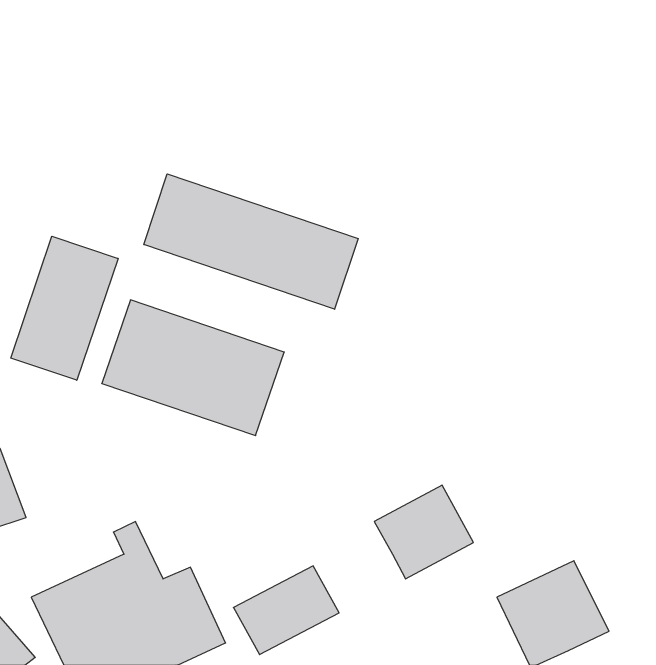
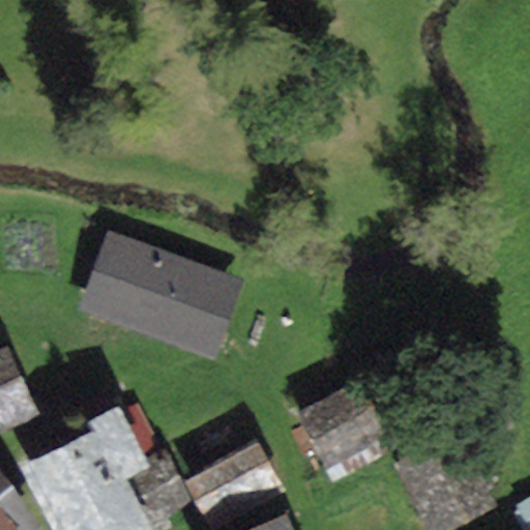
building: [144,174,358,309] -> none
building: [11,236,118,380] -> none

